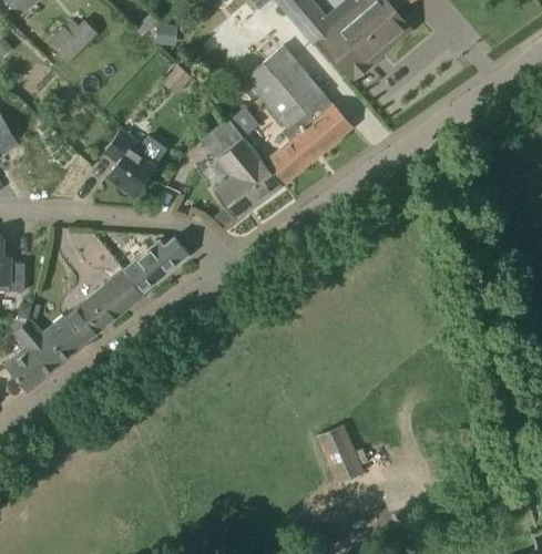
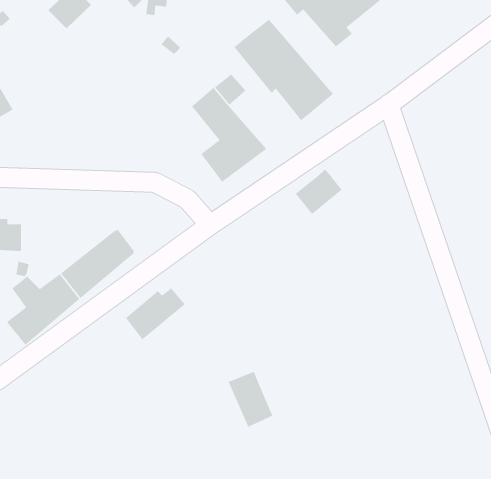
building: [104,130,166,194] -> none
building: [267,133,317,182] -> [295,168,343,215]
building: [125,236,188,291] -> [125,287,185,340]
building: [316,424,364,483] -> [228,371,273,427]

